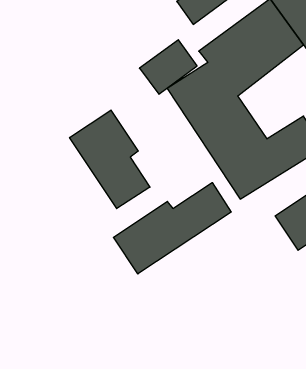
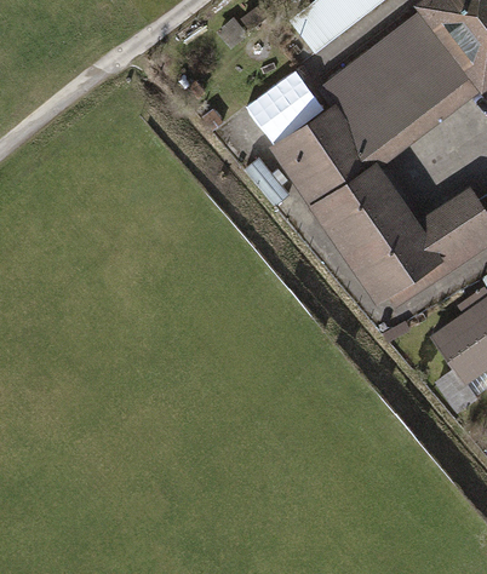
building: [70,110,150,209] -> none
building: [113,183,231,274] -> none

